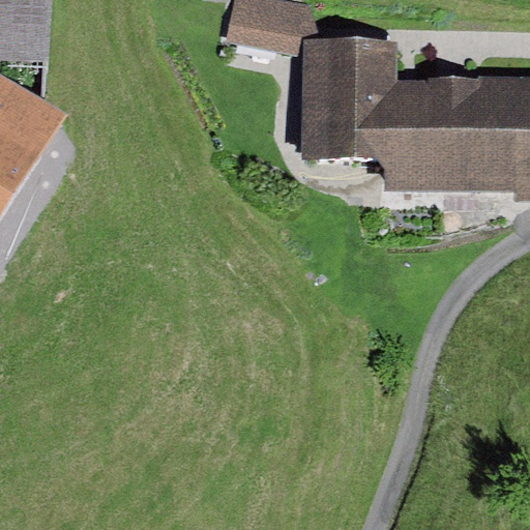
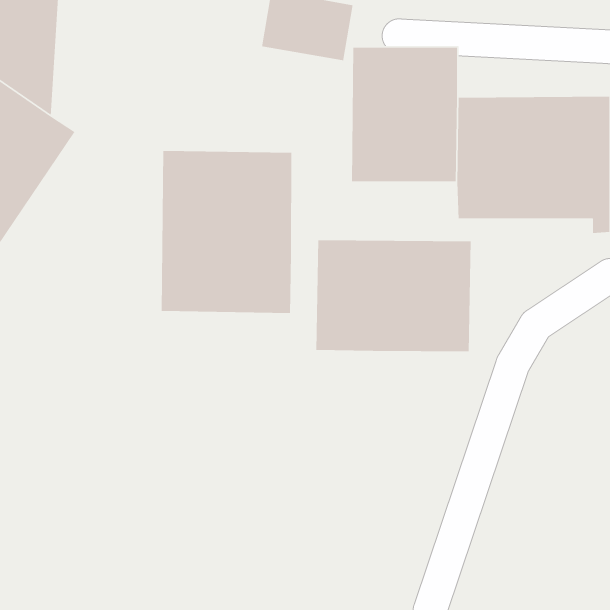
building: none -> [161,150,292,314]
building: none -> [315,239,471,352]

